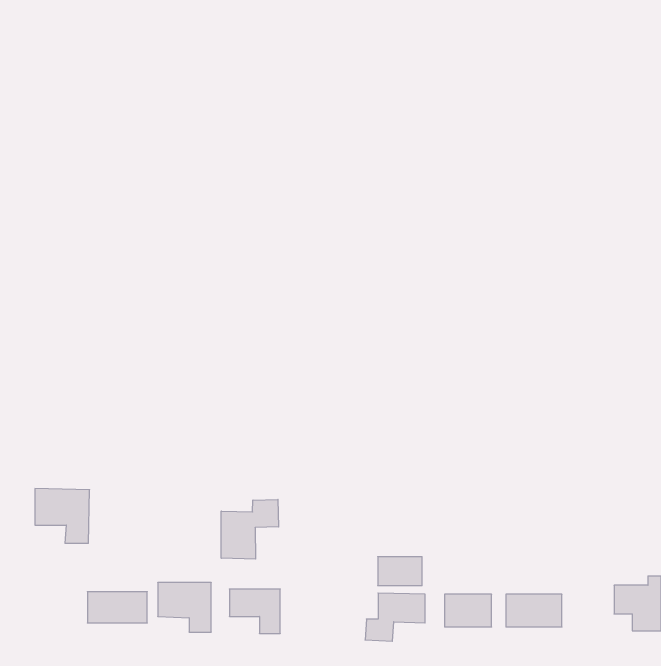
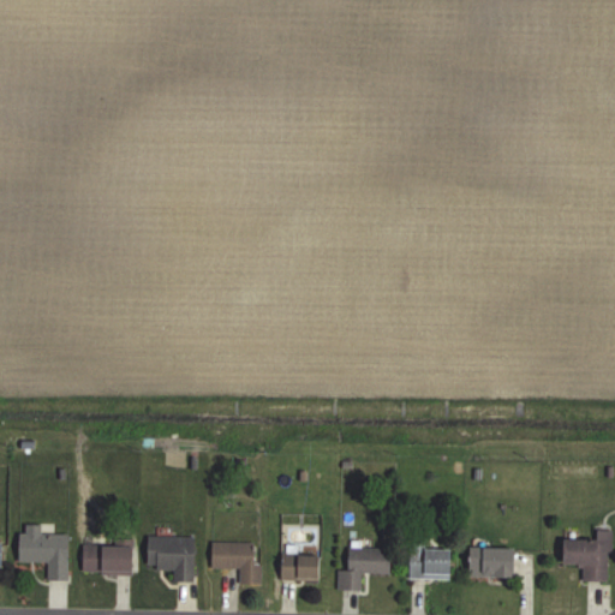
building: [35,489,90,543] -> [19,530,70,580]
building: [221,499,279,559] -> none
building: [378,557,422,586] -> [281,554,322,580]

